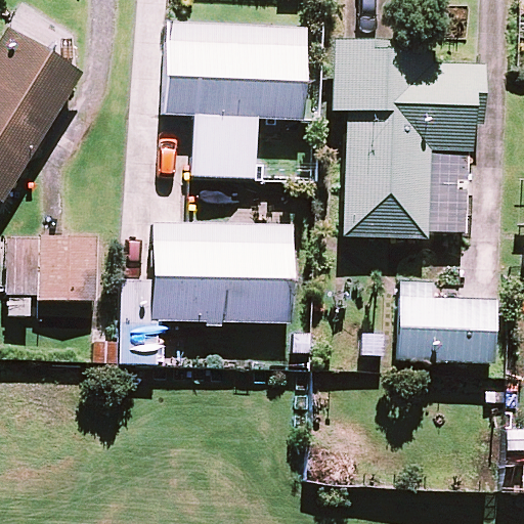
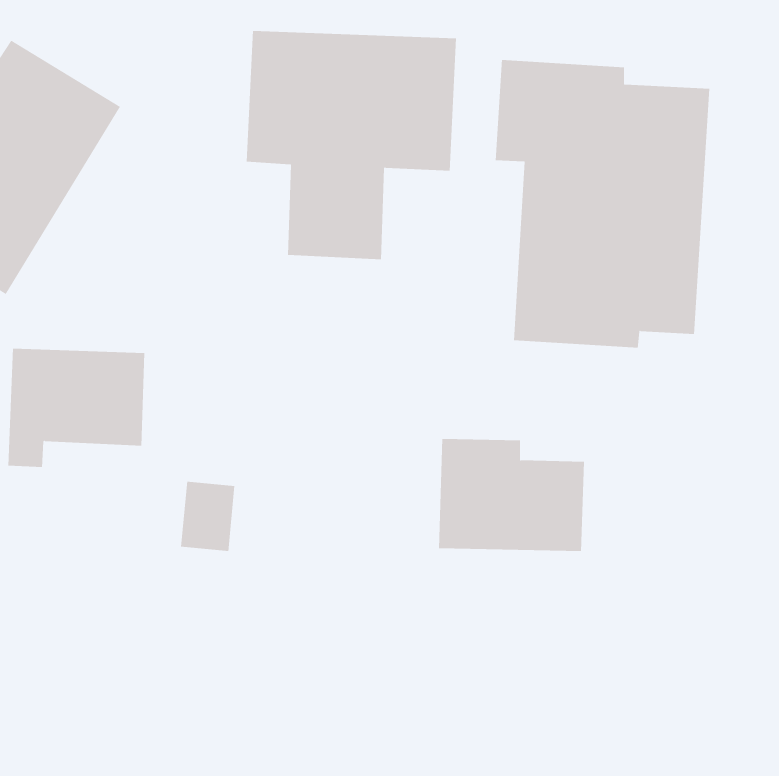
building: [151,223,291,323] -> none
building: [397,283,495,359] -> [438,439,585,552]

